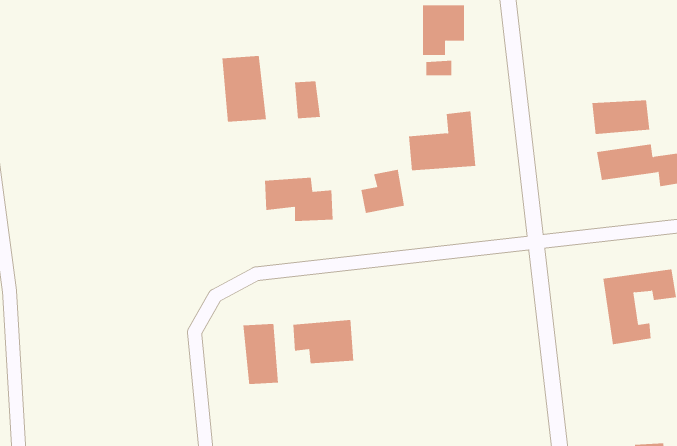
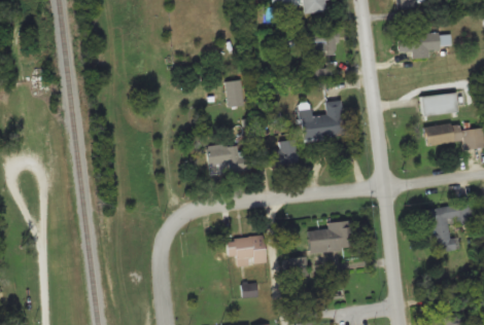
building: none -> [397,34,440,58]
building: [222,55,267,123] -> none
building: none -> [308,221,357,252]
building: [243,323,279,385] -> none

